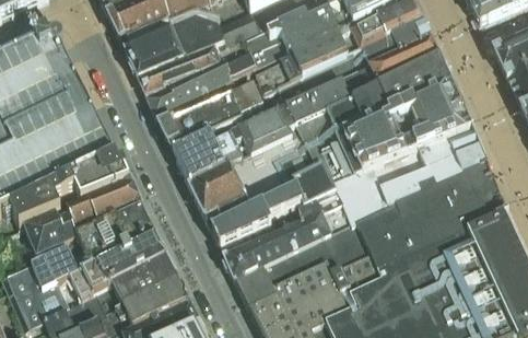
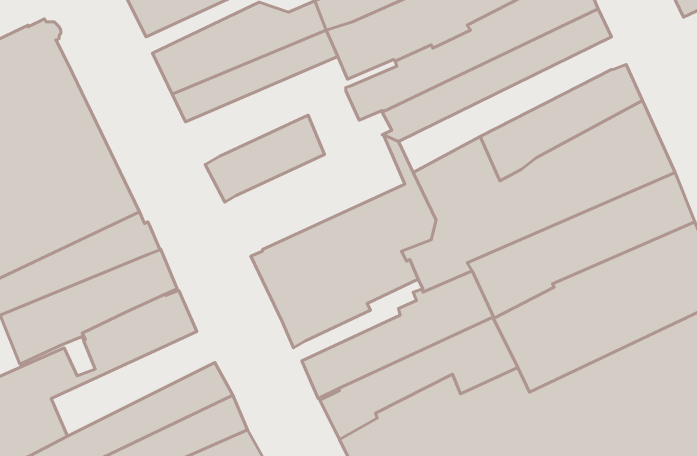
building: [290,38,441,129] -> none
building: [148,51,256,115] -> none
building: [174,80,294,184] -> none
building: [58,235,167,305] -> none

